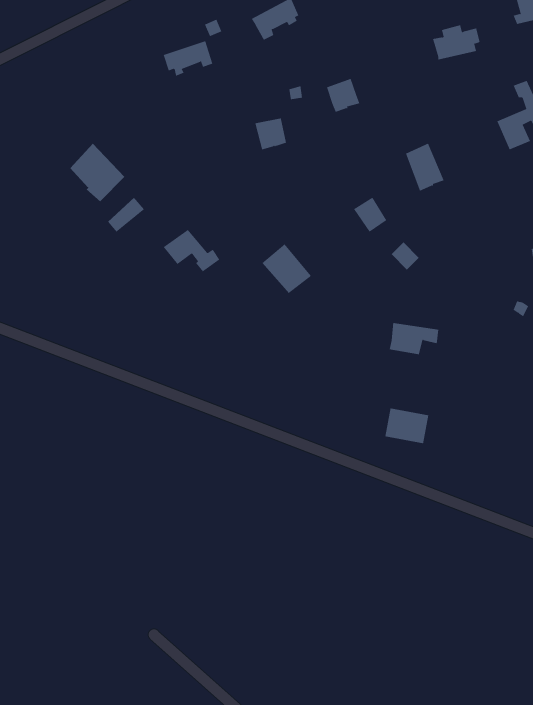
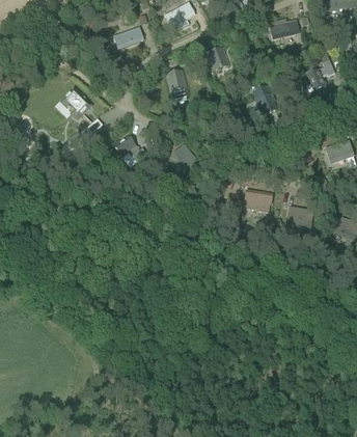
building: [384,408,429,444] -> [287,207,313,227]

